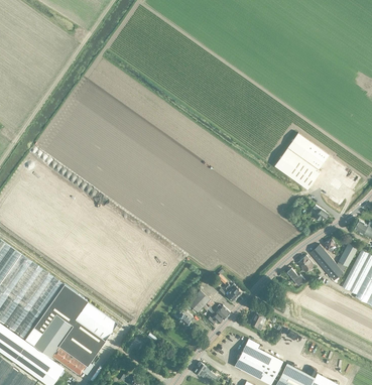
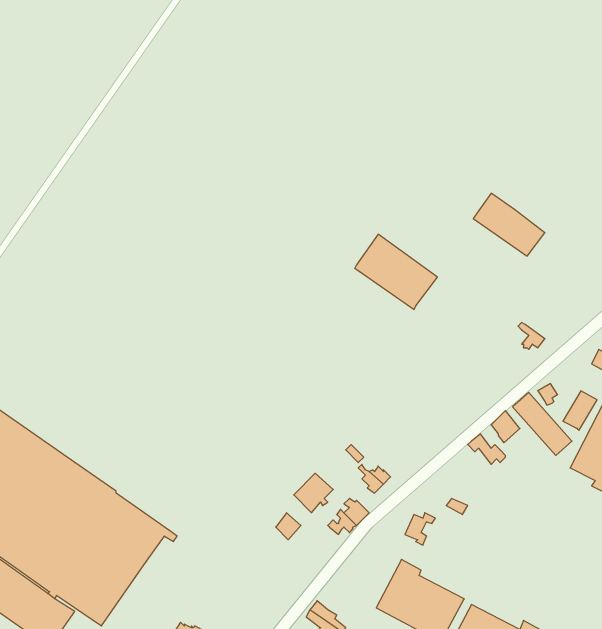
building: [275,147,322,189] -> [355,234,437,310]

